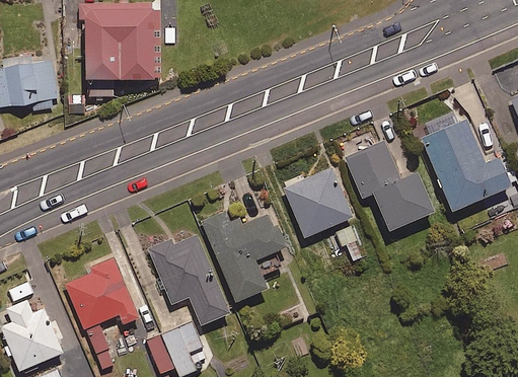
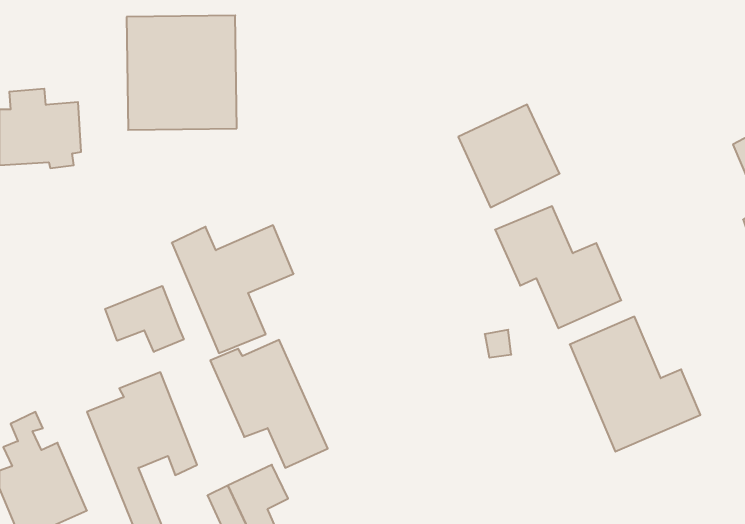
building: [421,117,511,210] -> [570,317,700,452]
building: [283,167,353,238] -> [458,105,560,207]
building: none -> [105,286,184,352]
building: [202,211,286,299] -> [172,225,294,353]

